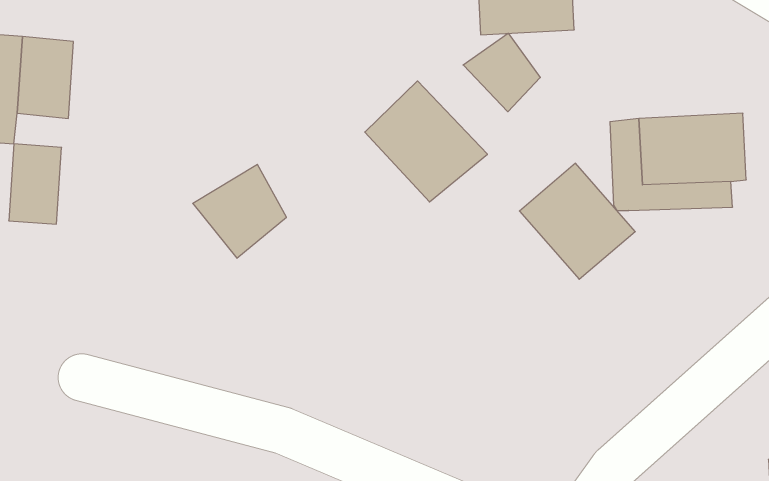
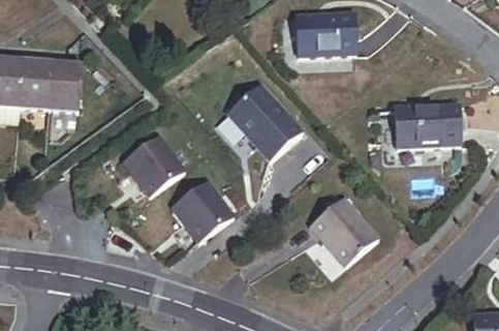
building: [463,33,540,112] -> none
building: [9,144,62,224] -> [49,60,81,109]
building: [519,163,635,279] -> [308,195,378,266]
building: none -> [178,183,231,237]

